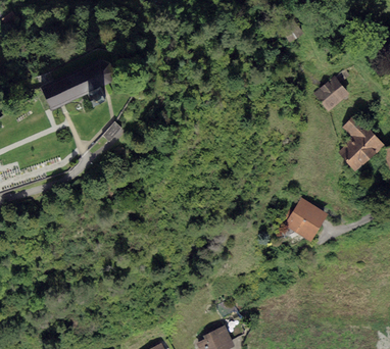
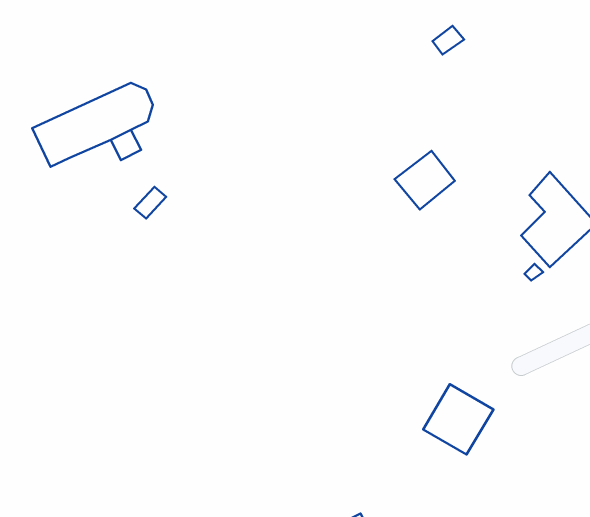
building: [312,76,349,111] -> [395,151,455,209]
building: [284,198,327,241] -> [423,384,493,455]

